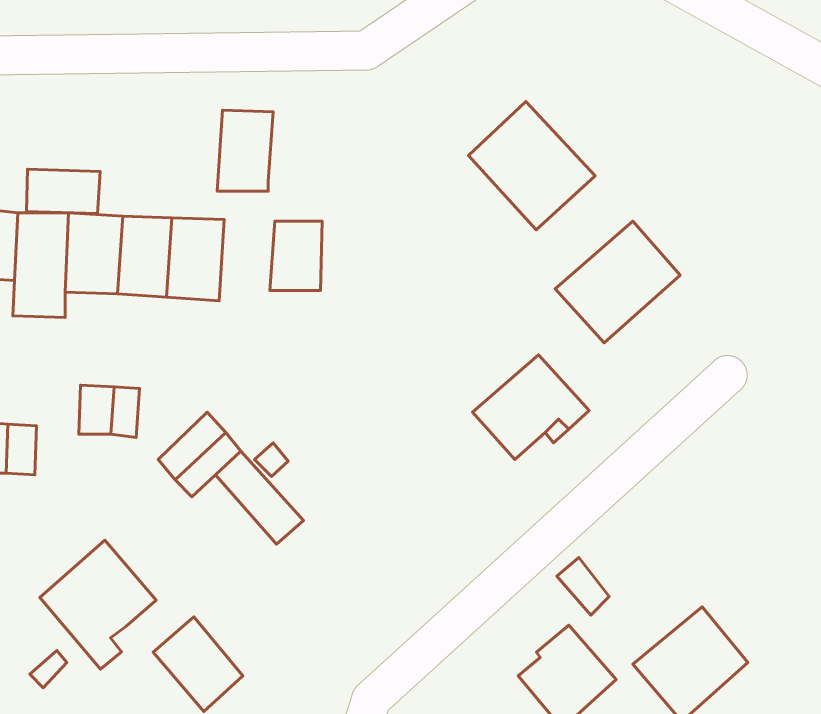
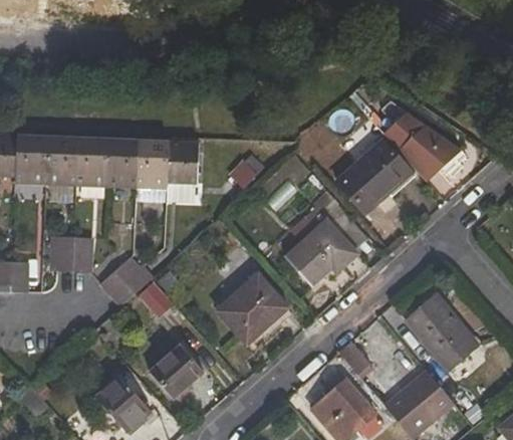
building: [468,101,595,230] -> [383,102,459,179]
building: [217,110,273,191] -> [138,141,171,189]
building: [27,169,100,214] -> none
building: none -> [218,275,287,344]
building: none -> [406,296,476,371]
building: [40,540,156,669] -> none
building: none -> [152,347,203,398]

